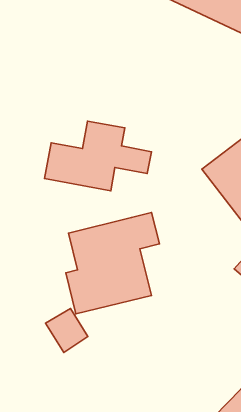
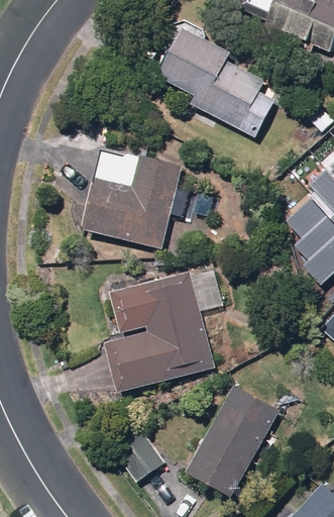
building: none -> [160,27,275,139]
building: [46,308,88,352] -> [112,428,163,482]
building: none -> [191,387,277,495]

